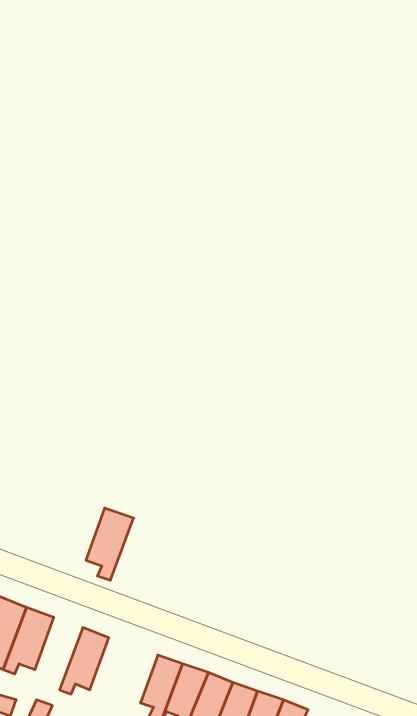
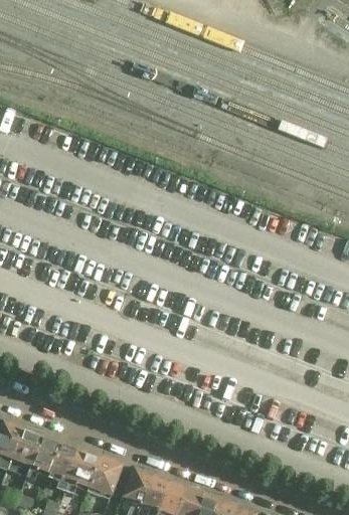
building: [86,508,134,580] -> [49,441,82,491]
building: none -> [88,455,123,499]

